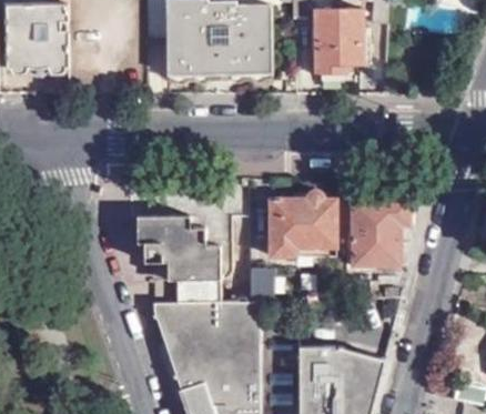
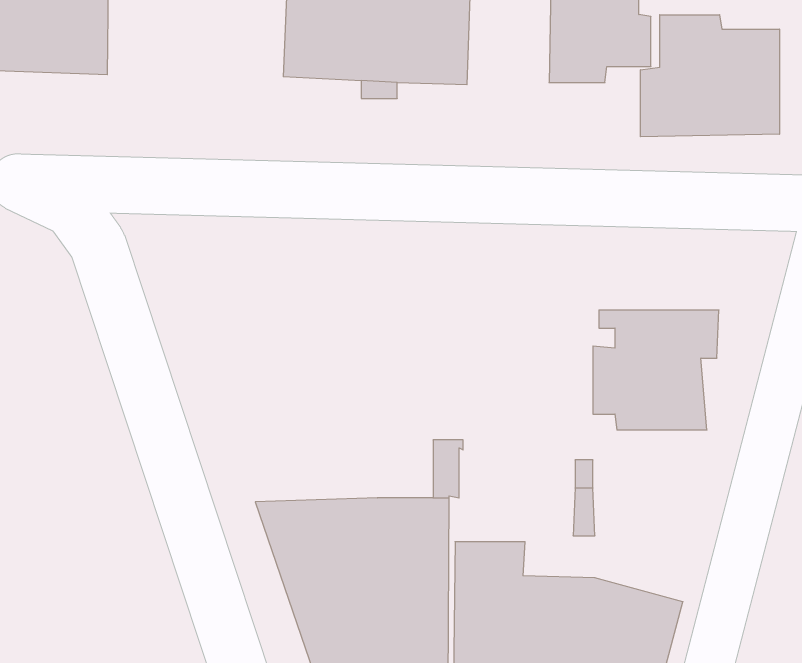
building: none -> [641,15,779,137]
building: [270,191,336,259] -> none
building: [133,219,219,306] -> none

